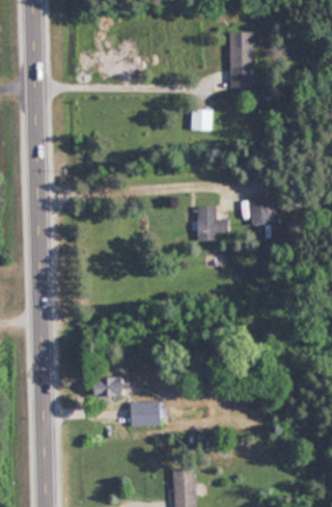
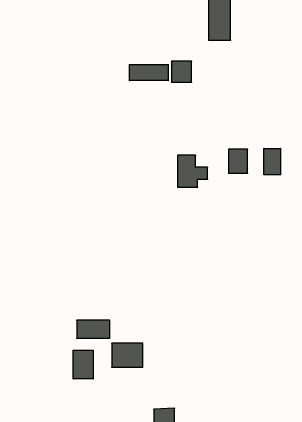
building: none -> [129,65,168,81]
building: none -> [264,148,281,175]
building: none -> [73,350,93,379]

